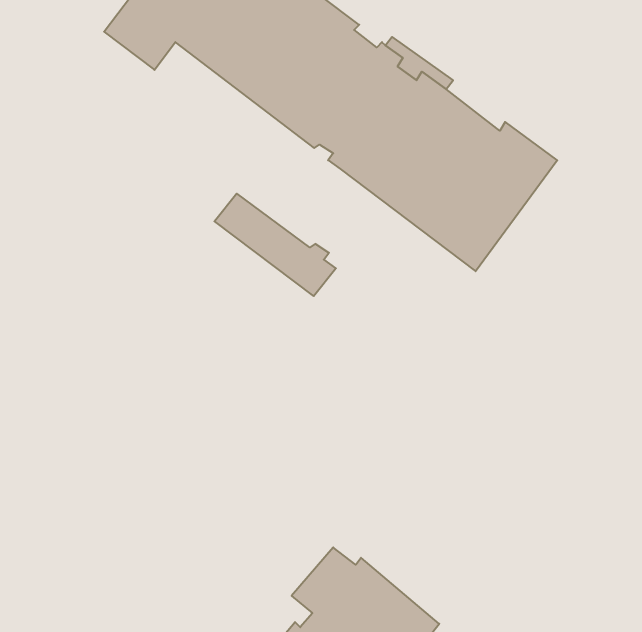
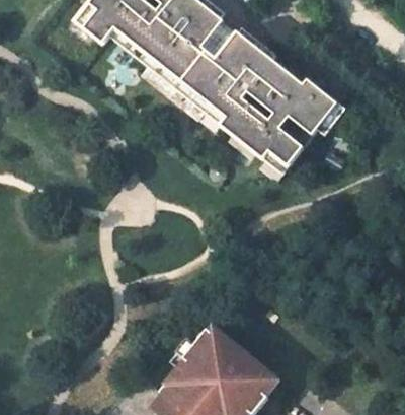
building: [214,194,336,296] -> [144,64,215,124]

